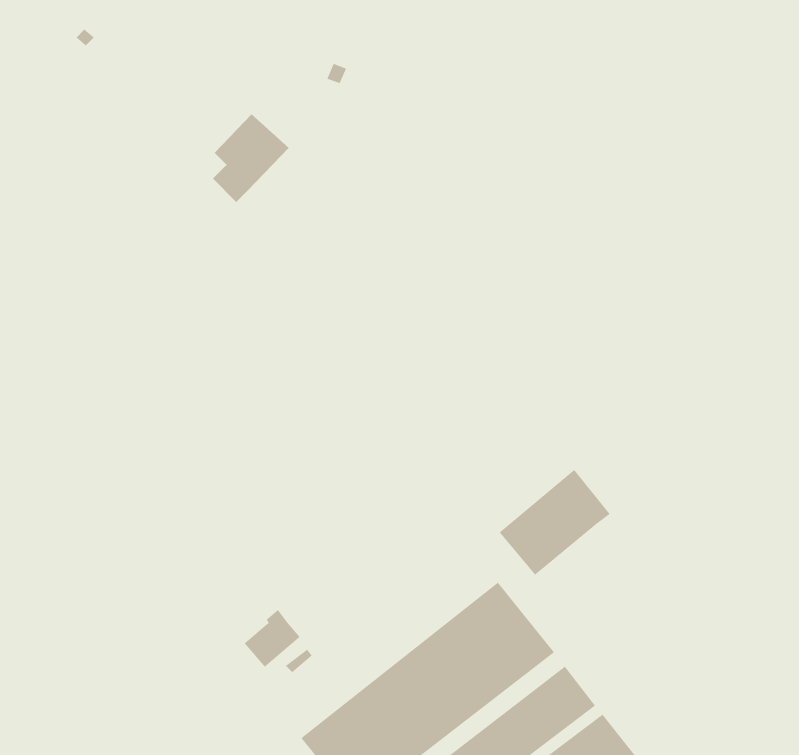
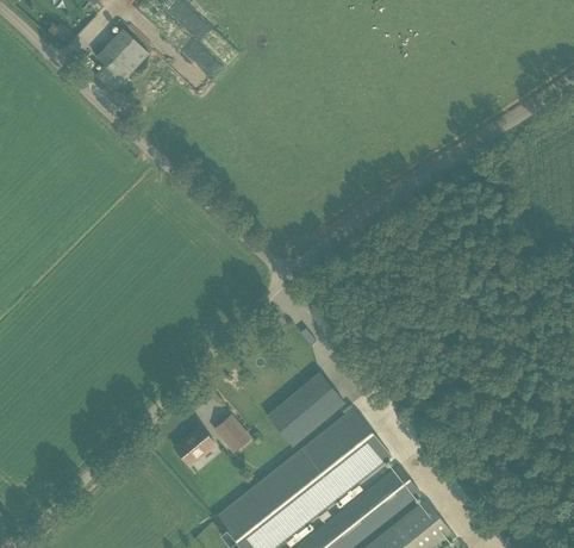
building: [212,113,289,203] -> [95,31,149,93]
building: [499,469,611,576] -> [267,373,344,447]
building: none -> [214,417,250,453]

